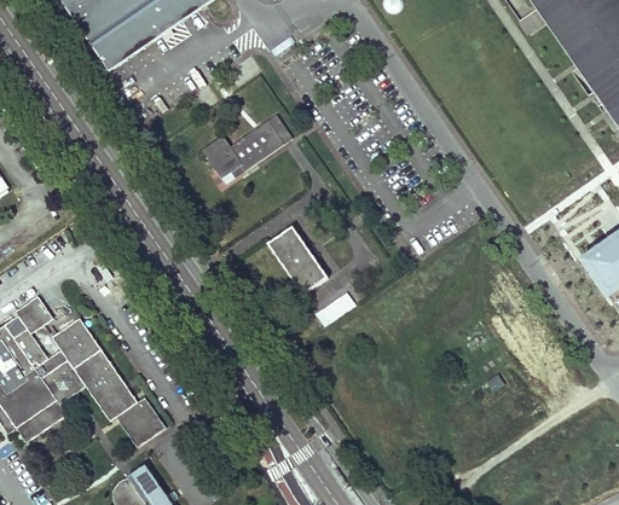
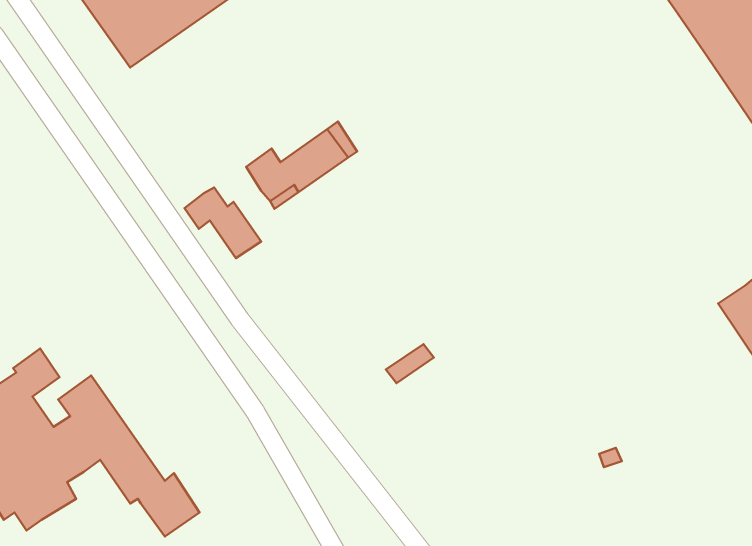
building: none -> [185,187,261,258]
building: [268,226,328,294] -> none

